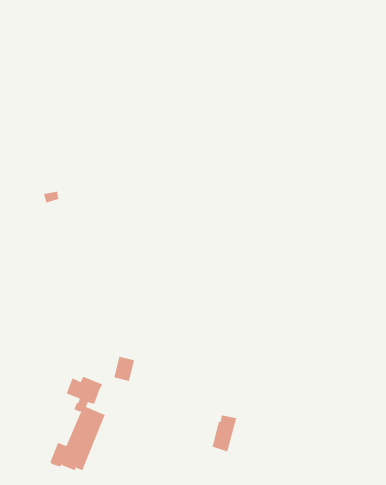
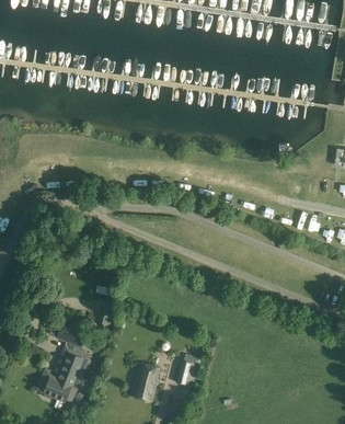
building: none -> [128,360,158,400]

